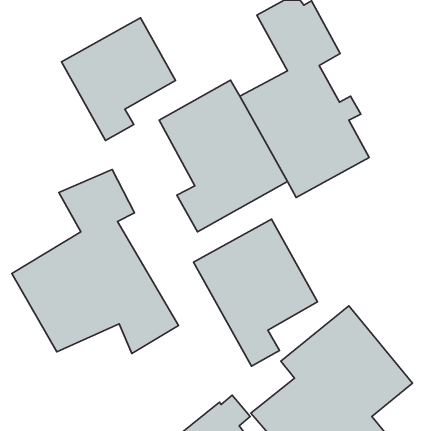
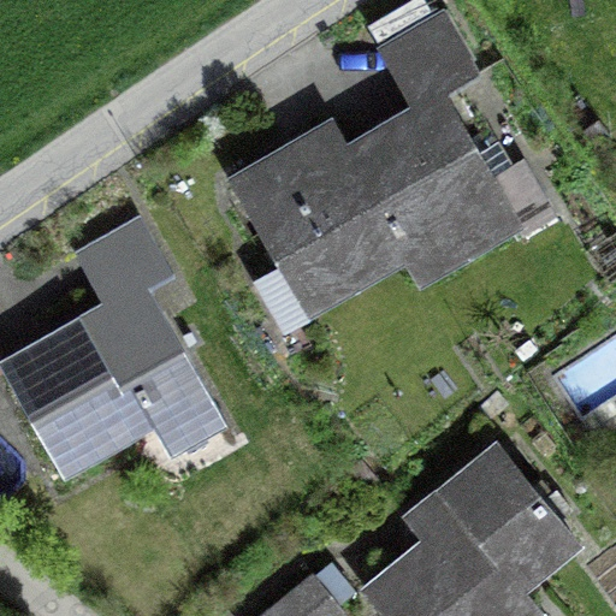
building: [61,18,175,140] -> none
building: [194,219,317,366] -> none

